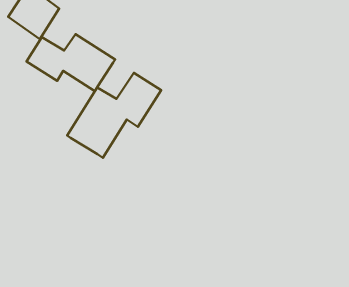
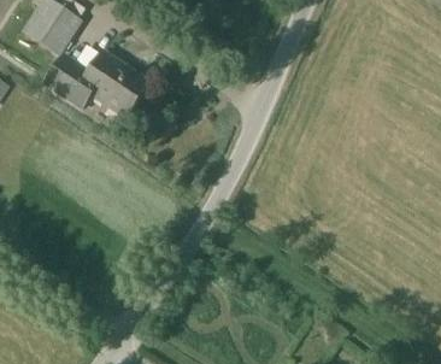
building: [67,73,161,158] -> none

